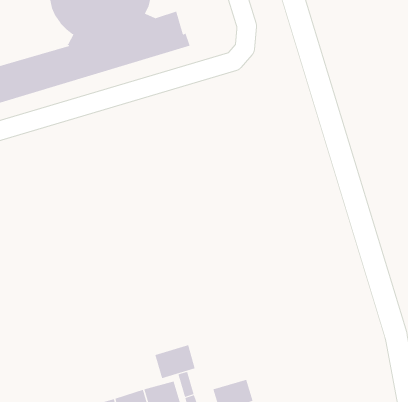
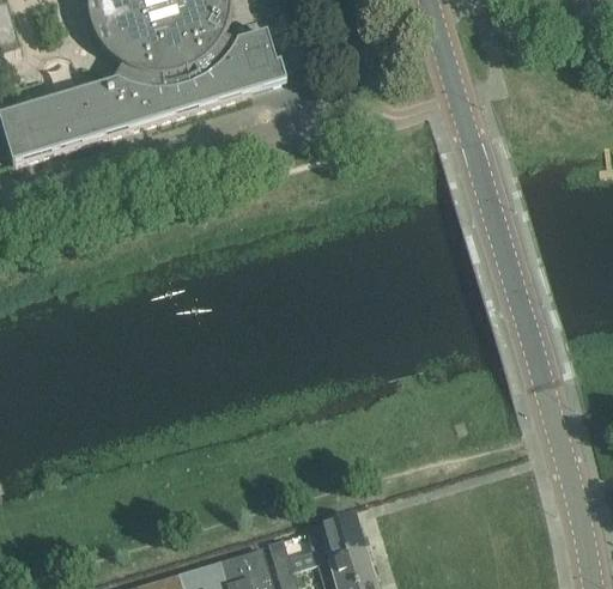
building: [155,345,196,379] -> [308,512,365,560]

